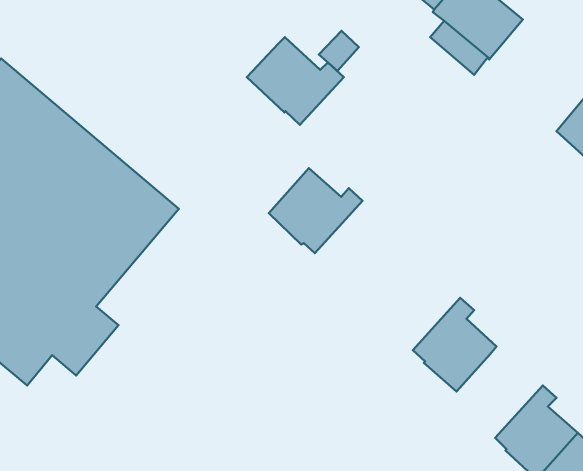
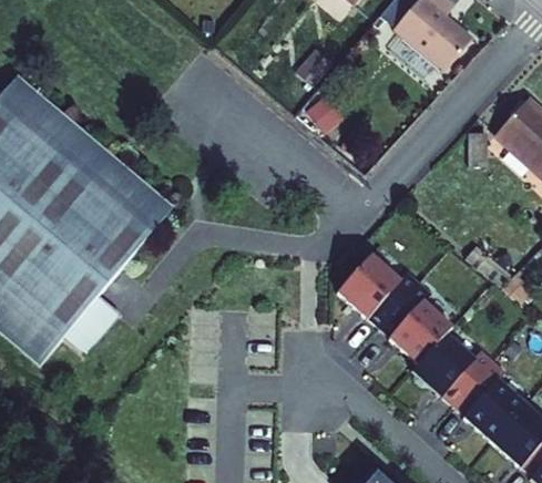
building: [247,37,344,125] -> none
building: [269,168,363,253] -> [338,255,421,330]
building: none -> [411,333,494,408]

